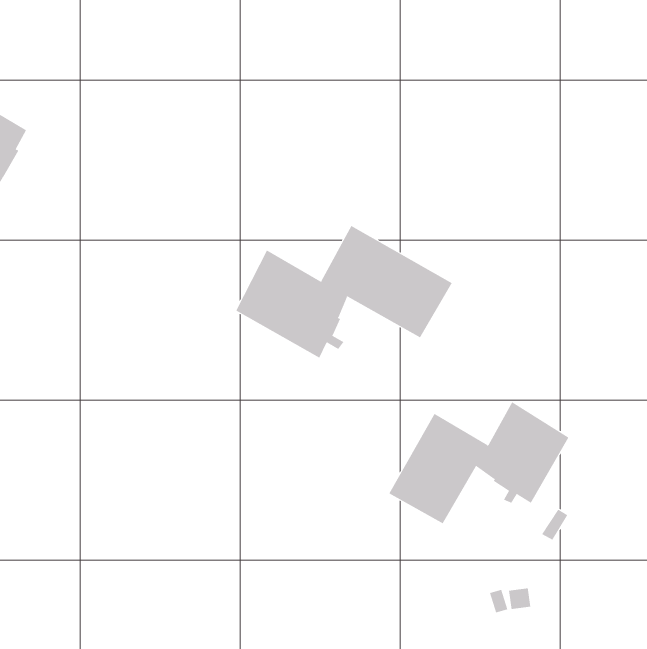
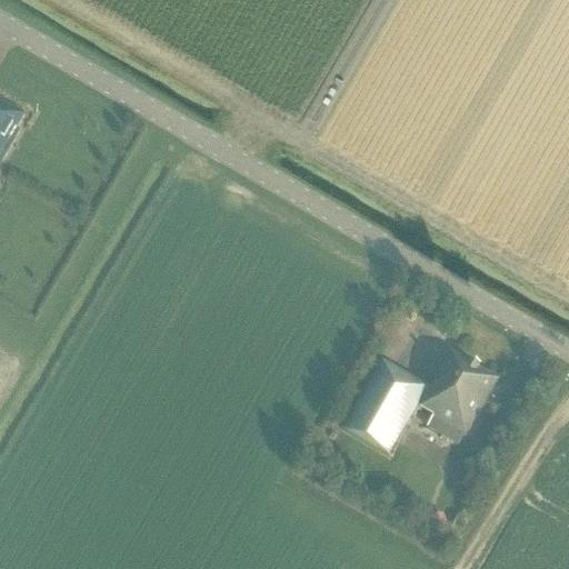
building: [235,225,453,359] -> none

